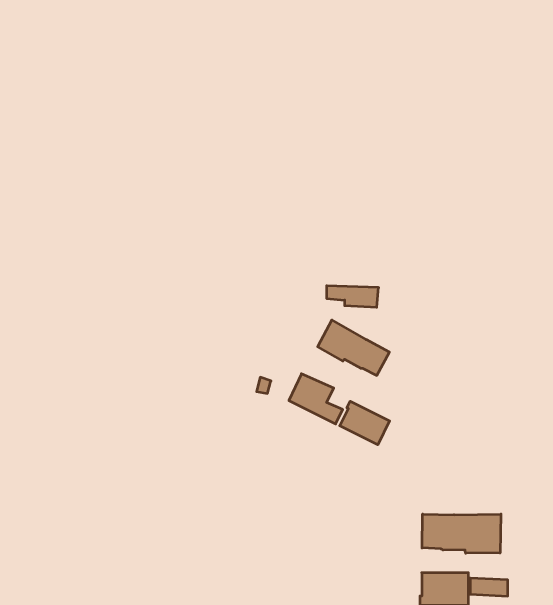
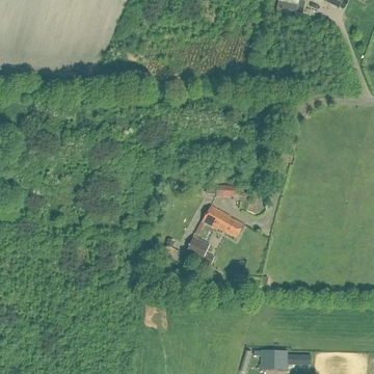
building: [340,401,390,445] -> none
building: [422,514,501,553] -> none

